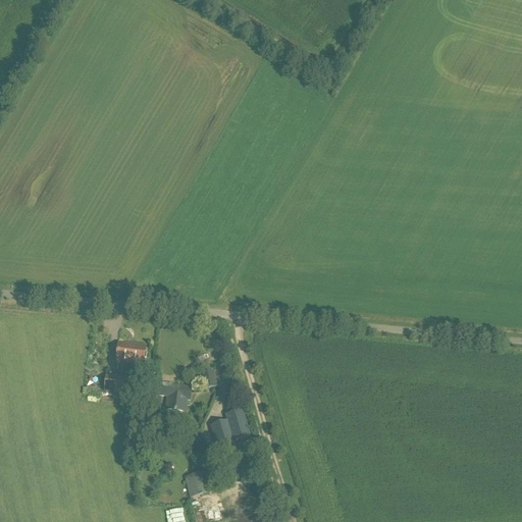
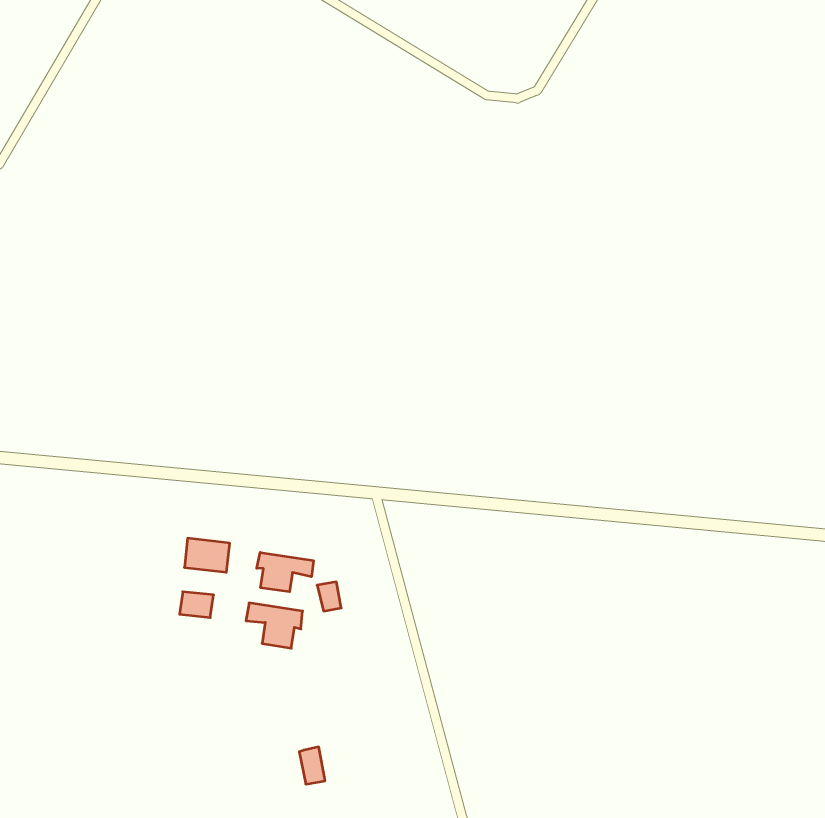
building: none -> [257,552,313,592]
building: [210,407,250,449] -> none

